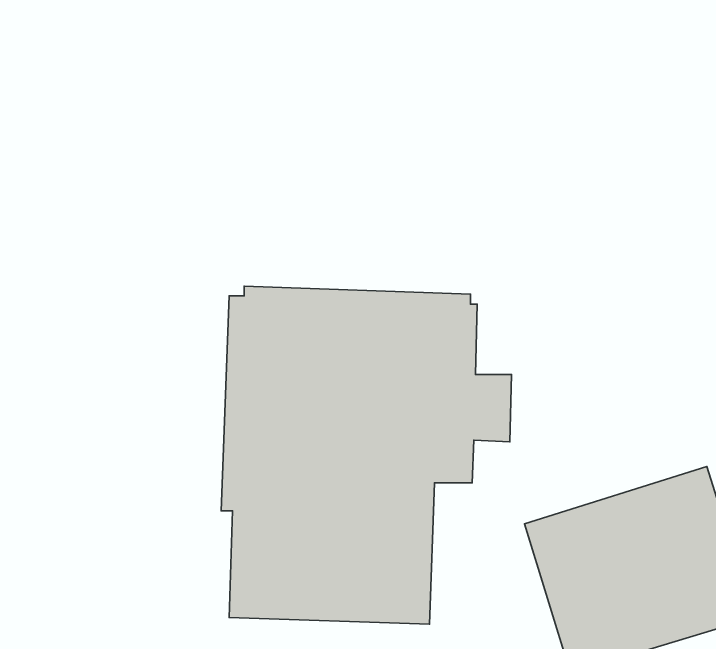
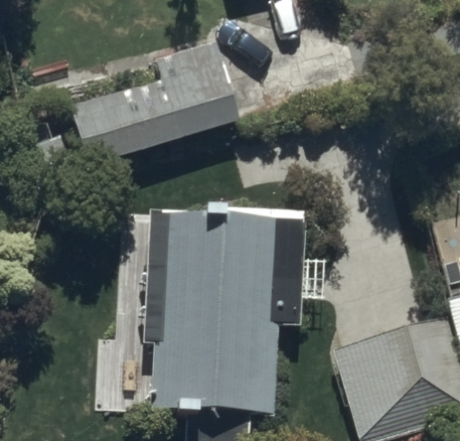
building: none -> [71,44,240,164]

